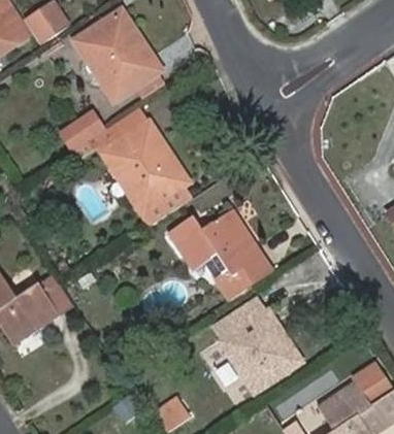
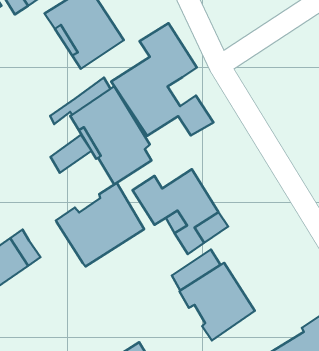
building: none -> [111,23,213,136]
building: [63,114,107,156] -> [50,135,91,173]
building: none -> [56,183,144,267]

